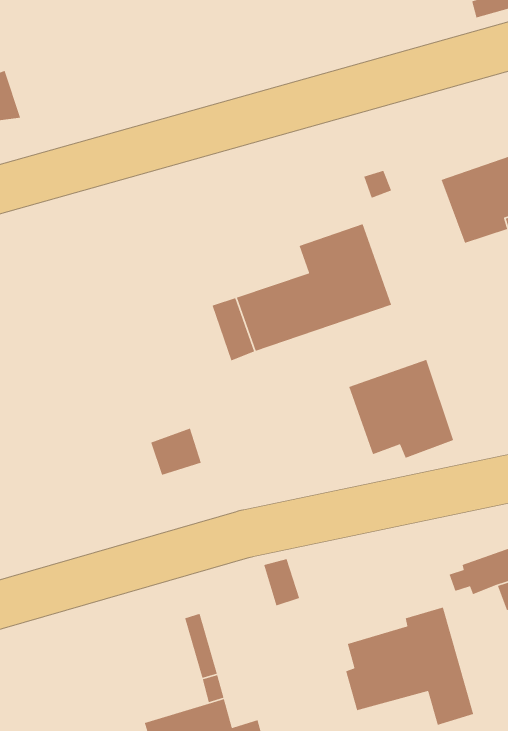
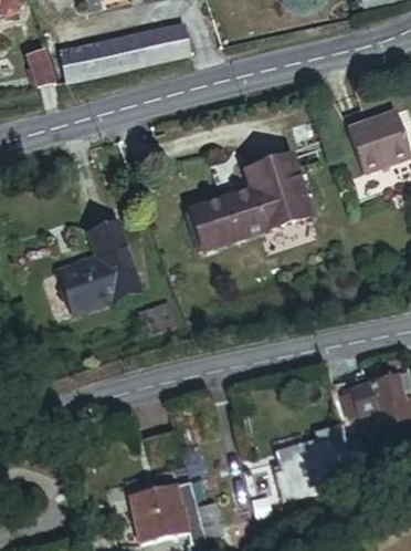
building: none -> [61,27,189,81]
building: none -> [60,226,137,310]
building: [348,359,454,459] -> none

